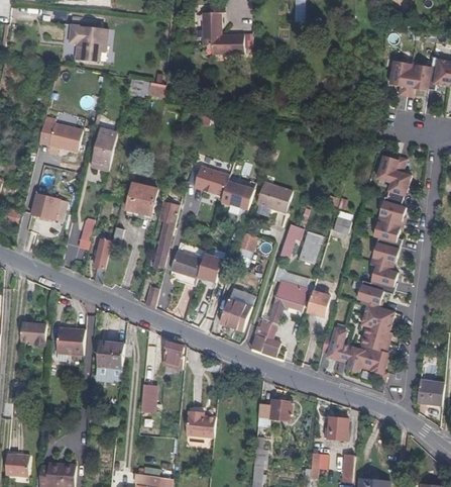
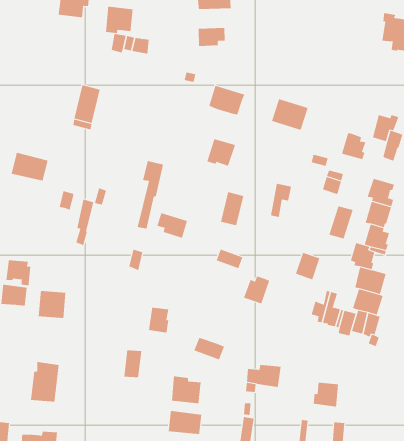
building: none -> [106,6,133,34]
building: none -> [198,27,225,47]
building: [48,123,82,150] -> none
building: [194,166,229,195] -> [209,85,245,115]
building: [256,182,293,213] -> [271,98,309,131]
building: [125,183,157,215] -> none
building: [381,198,406,224] -> [341,133,366,160]
building: [298,231,322,264] -> [329,206,354,239]
building: [197,253,223,282] -> none
building: [269,281,309,317] -> none
building: none -> [6,260,31,286]
building: [219,298,251,331] -> none
building: [250,334,280,357] -> [194,337,225,360]
building: [96,340,124,380] -> [30,362,59,402]
building: none -> [168,410,202,435]

